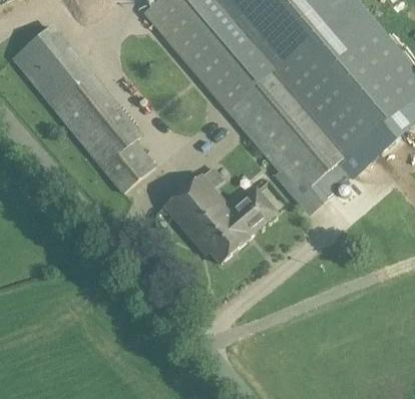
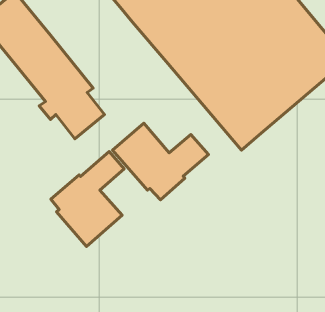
building: none -> [51,151,124,246]

